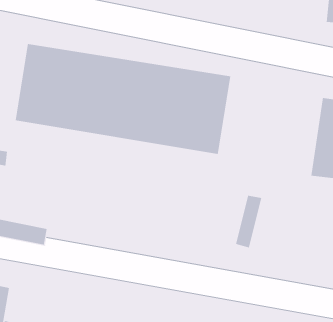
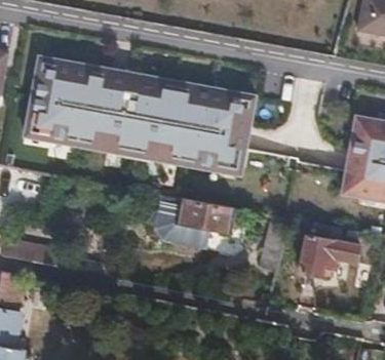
building: none -> [155,194,235,249]
building: none -> [297,222,360,277]

